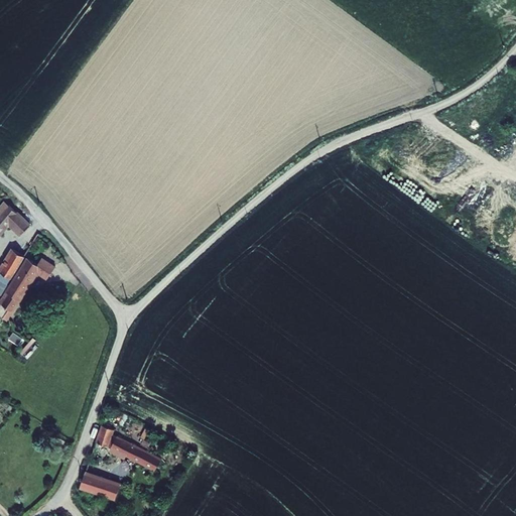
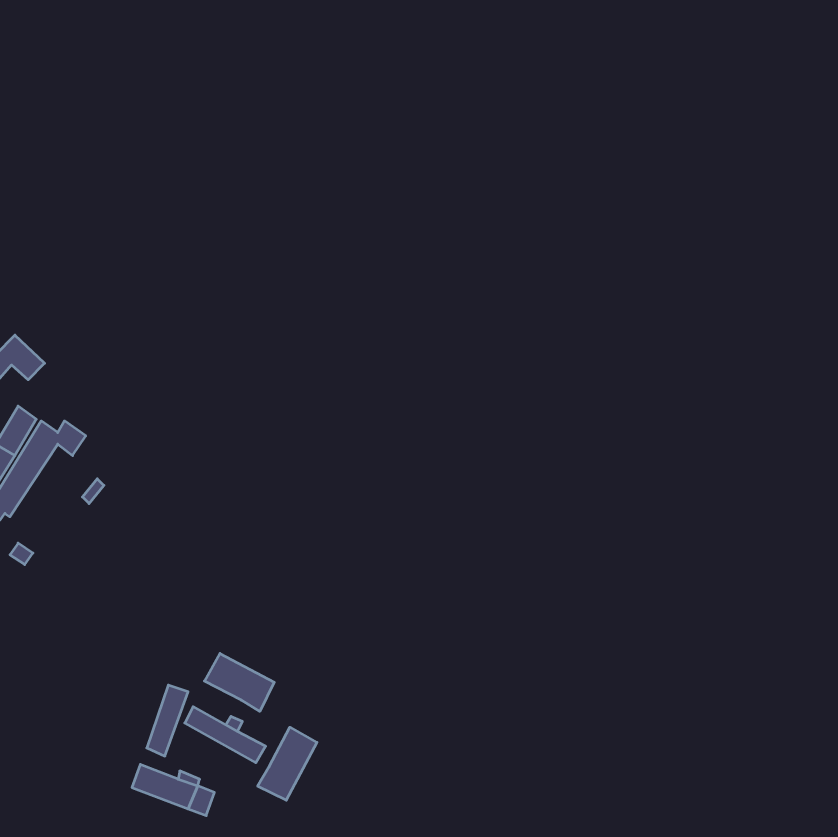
building: none -> [204,653,274,711]
building: none -> [258,727,317,800]

